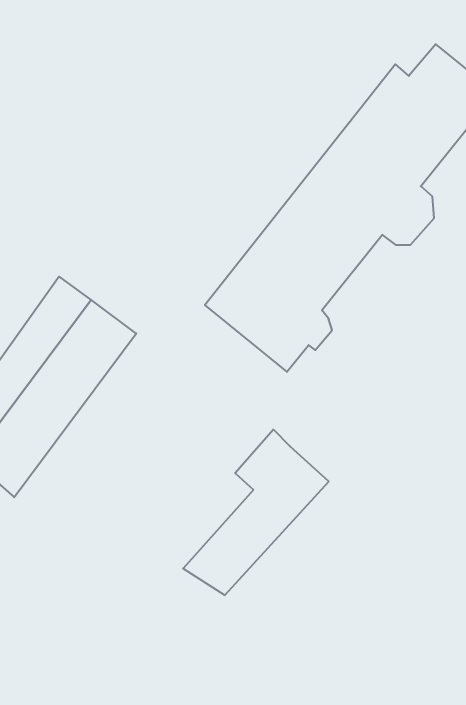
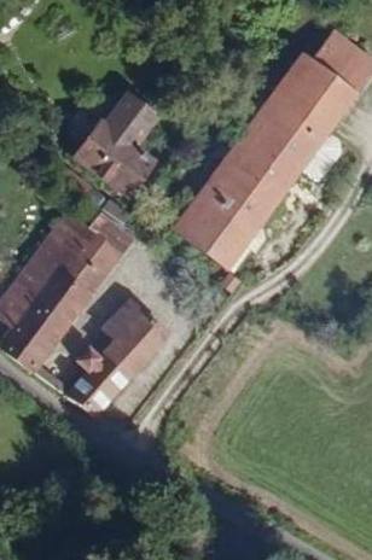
building: none -> [71,87,161,198]
building: [183,430,329,595] -> [77,286,182,406]

